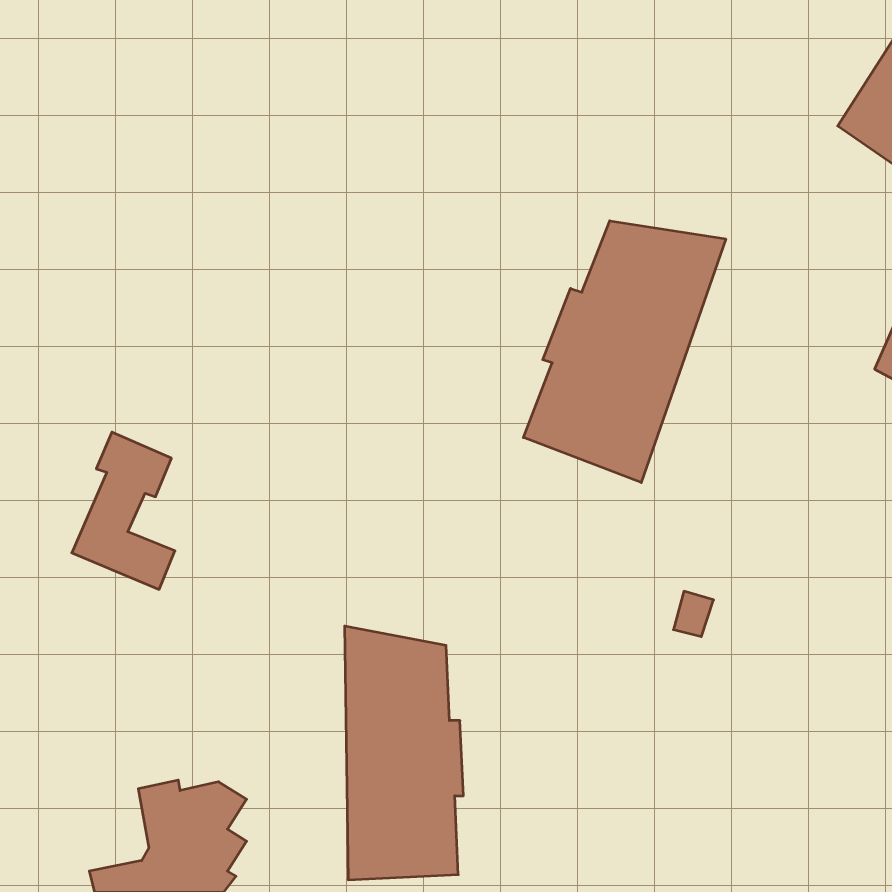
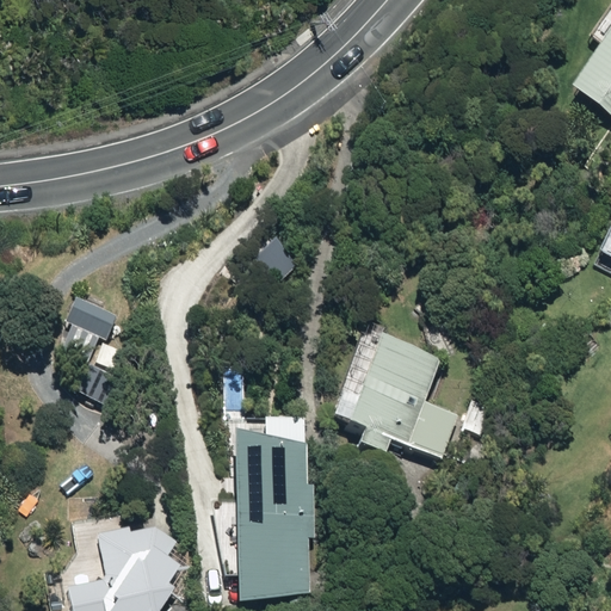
building: [523,221,726,483] -> none
building: none -> [345,335,458,455]

